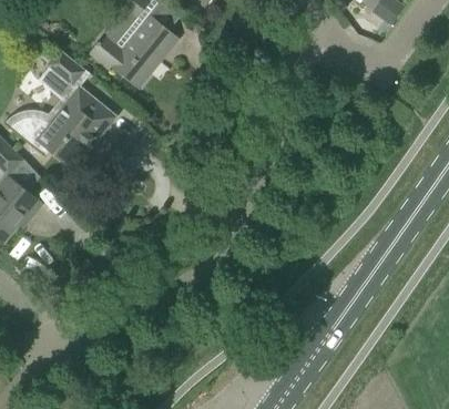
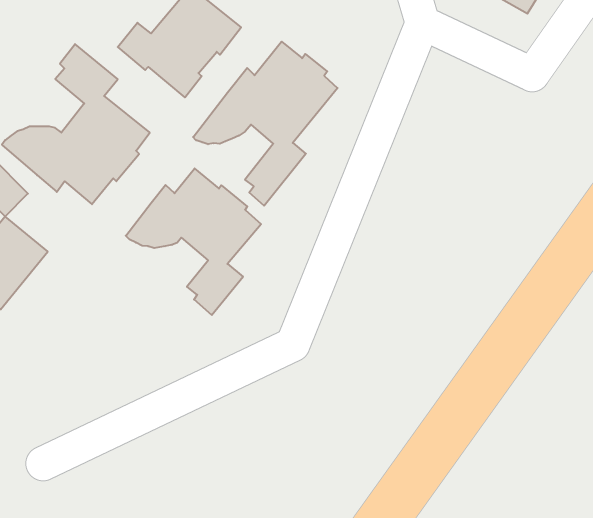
building: none -> [193,42,338,206]
building: none -> [126,168,261,315]

